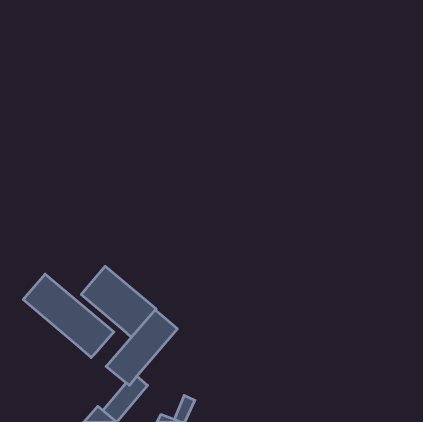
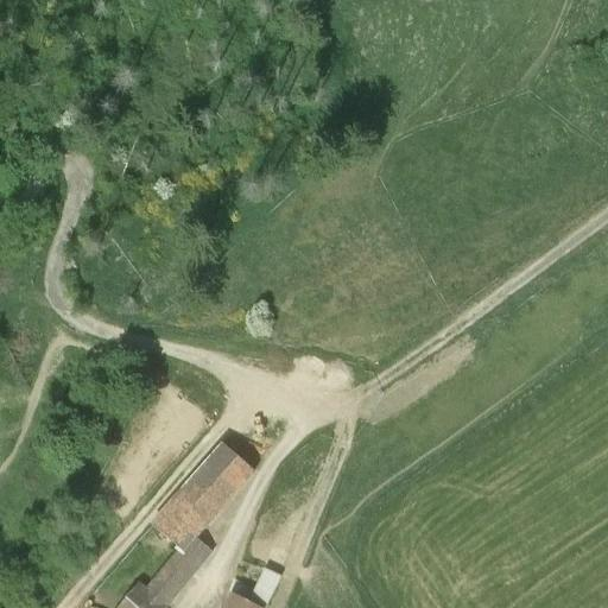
building: [81,266,156,337] -> none
building: [23,274,114,358] -> none

